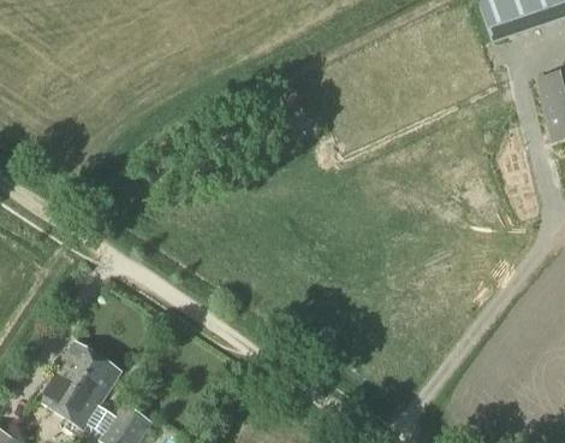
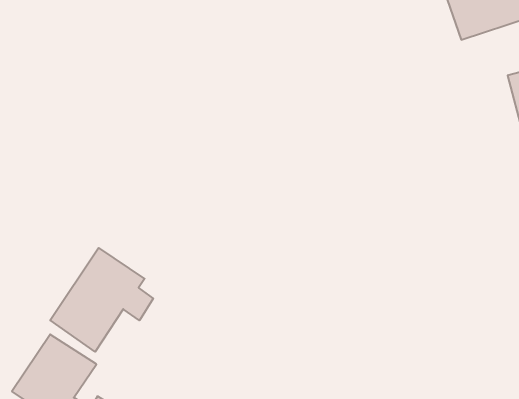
building: none -> [50,248,153,352]

